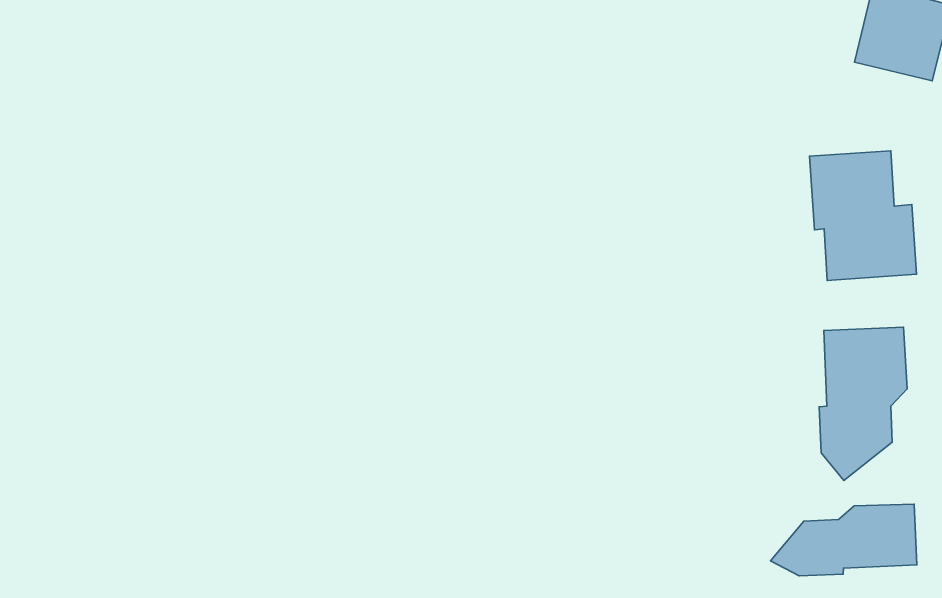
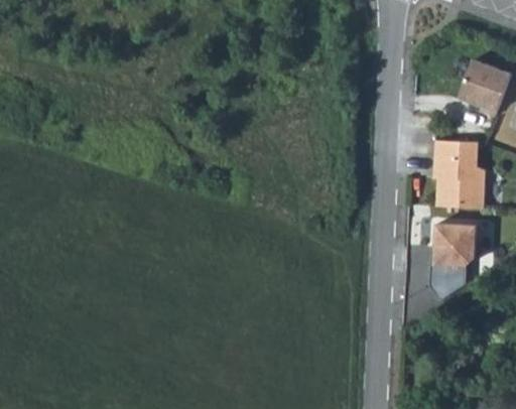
building: [770,504,917,576] -> none

